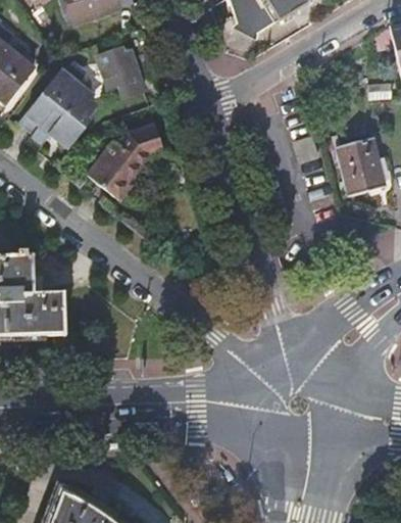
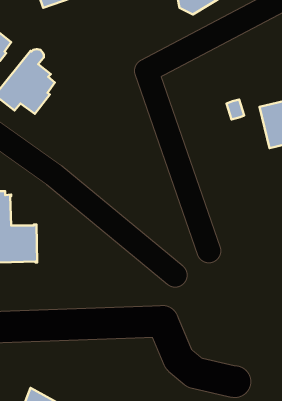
building: [98,47,143,98] -> none
building: [90,123,167,200] -> none

